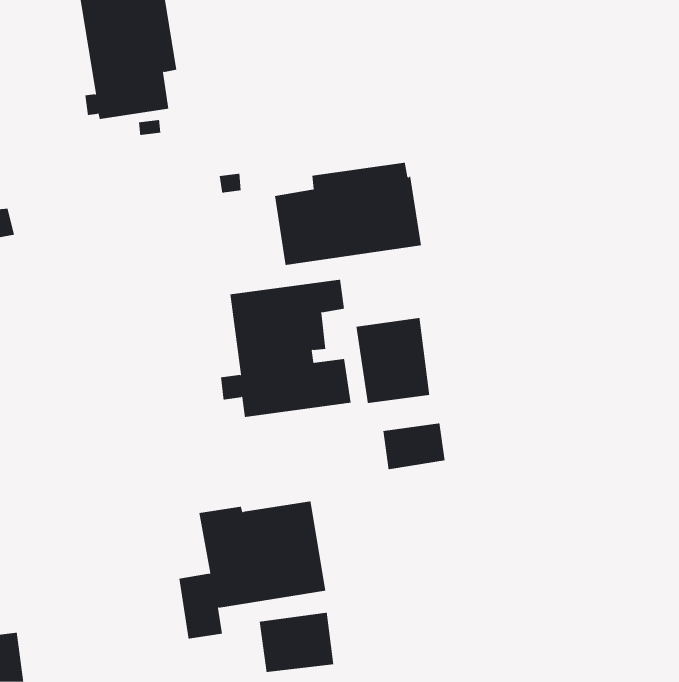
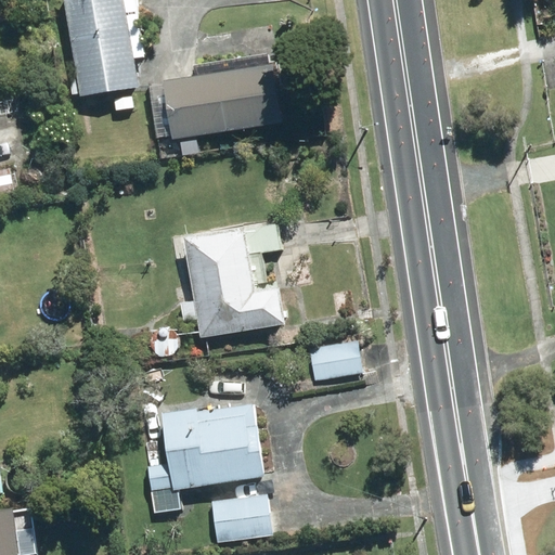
building: [274,162,422,266] -> [162,54,281,138]
building: [356,317,430,404] -> none

